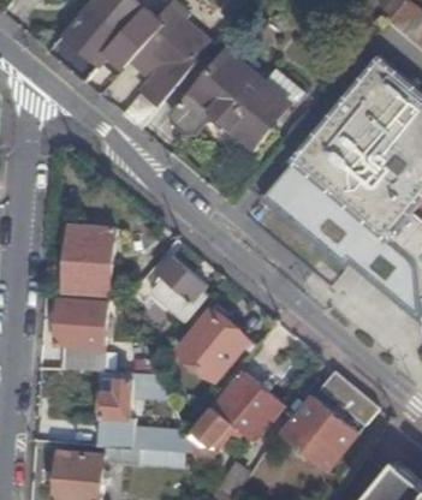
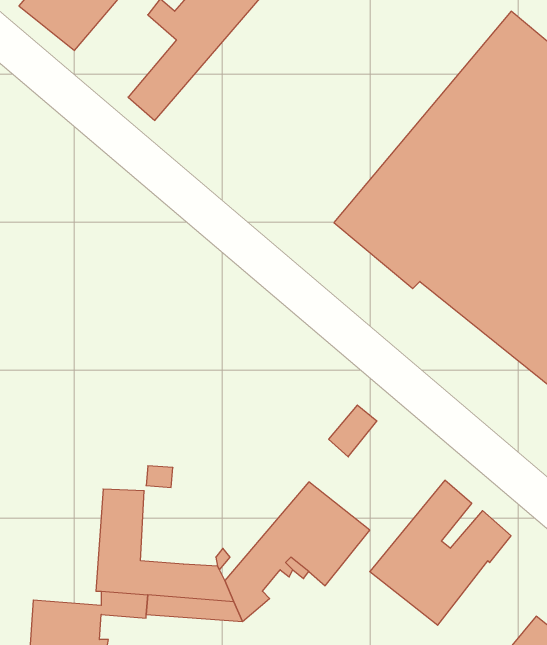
building: [170,54,287,148] -> none
building: [63,227,120,298] -> none
building: [149,256,206,321] -> none
building: [53,299,103,373] -> none
building: [178,311,246,380] -> none

